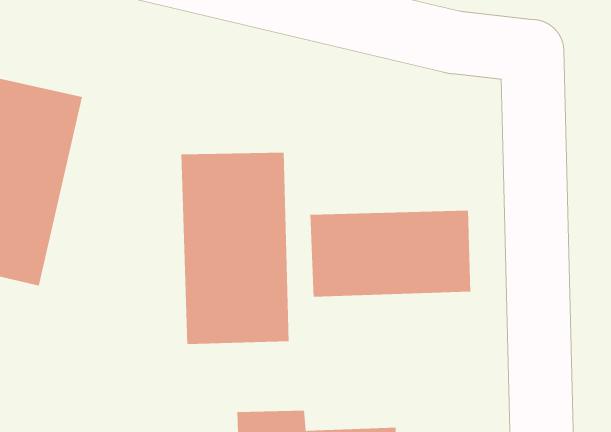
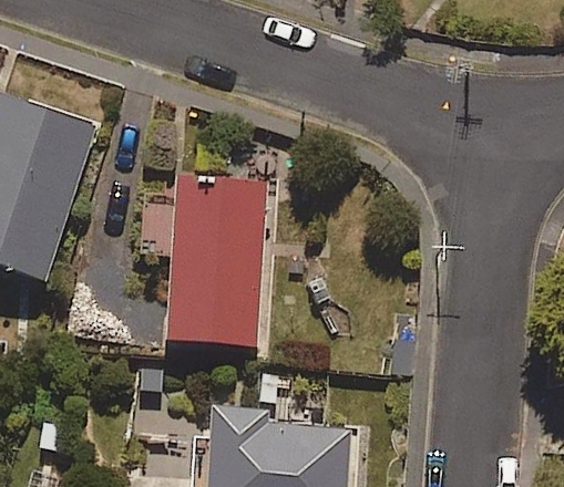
building: [310,210,471,298] -> none

